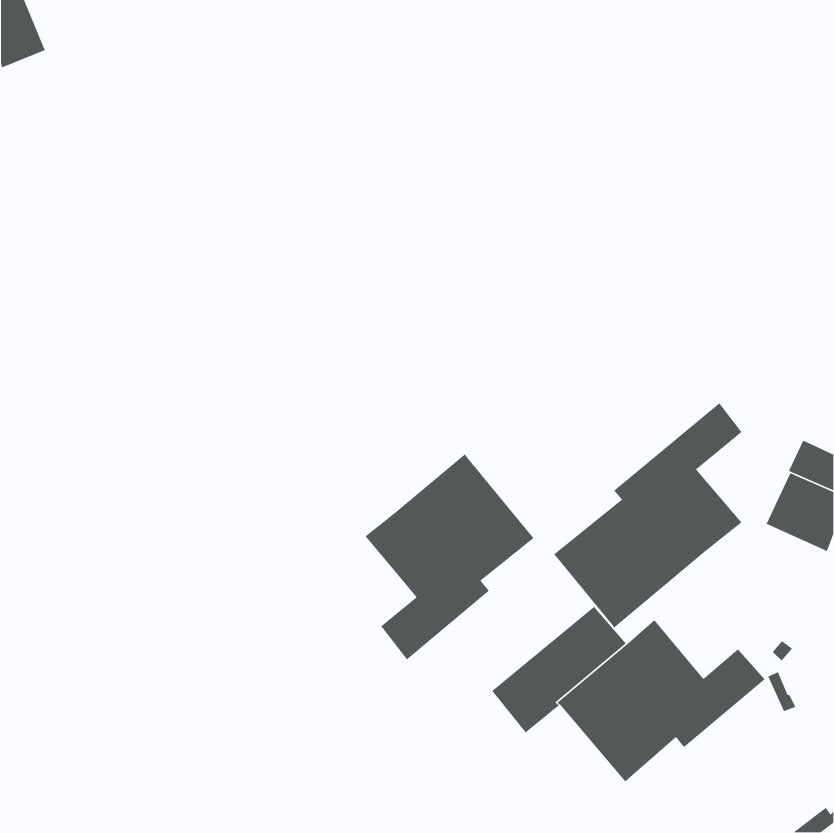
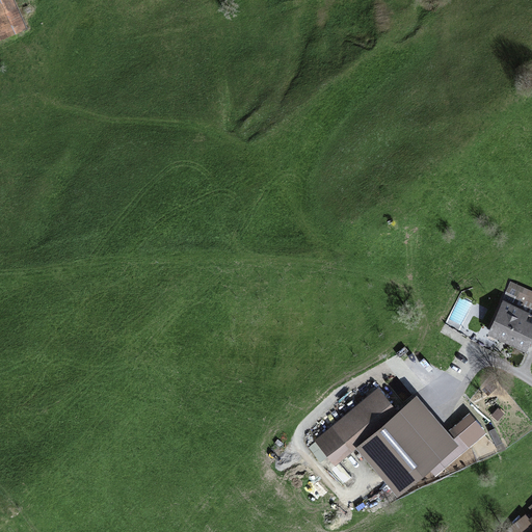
building: [553,402,743,629] -> none
building: [364,453,535,660] -> none

